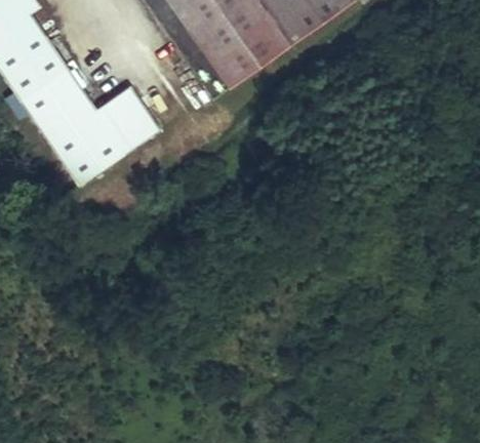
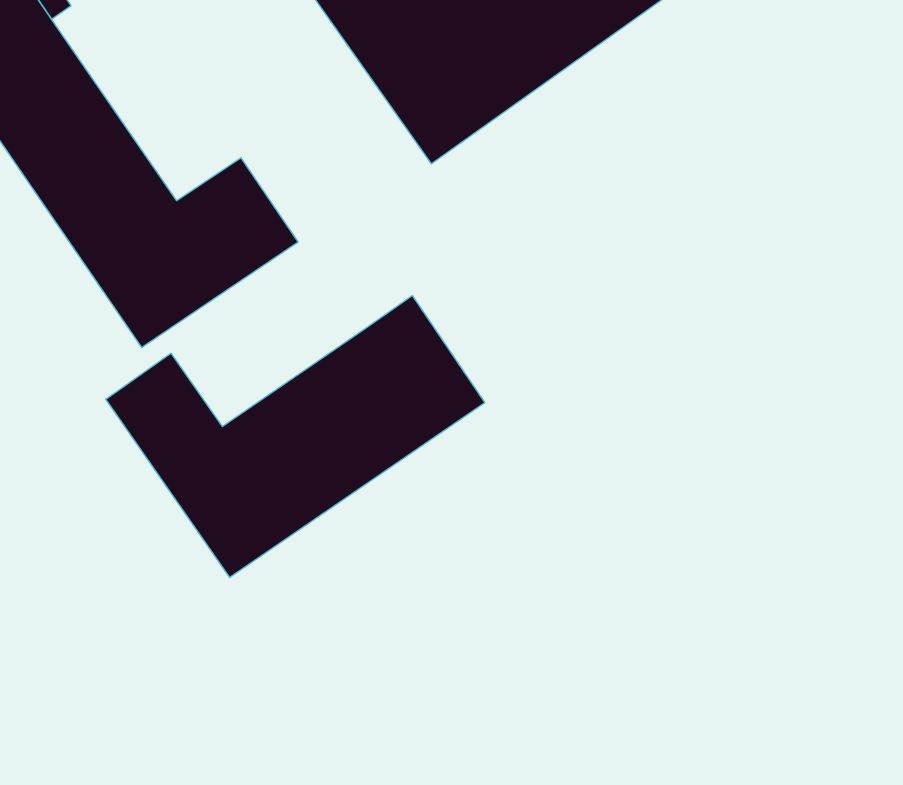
building: none -> [106,296,485,578]

